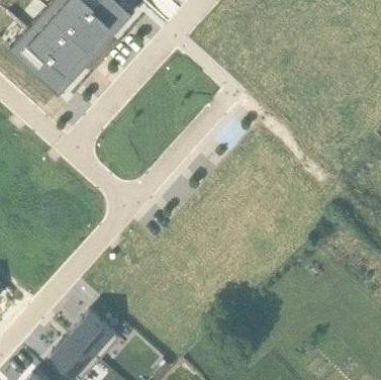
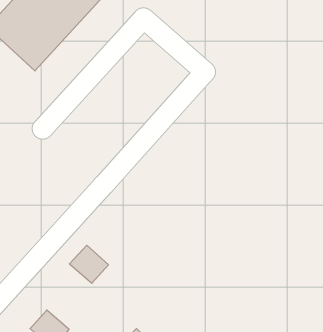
building: [70,320,110,360] -> [69,245,108,283]

